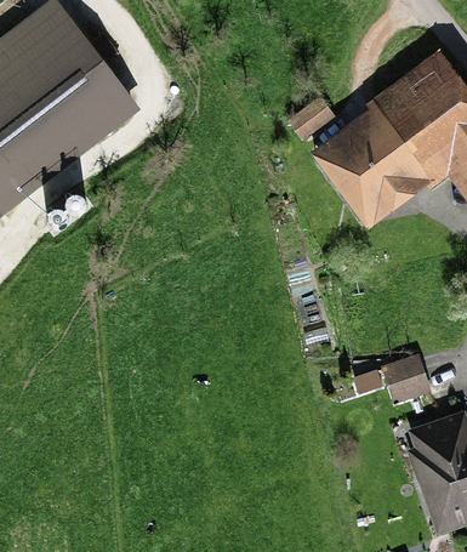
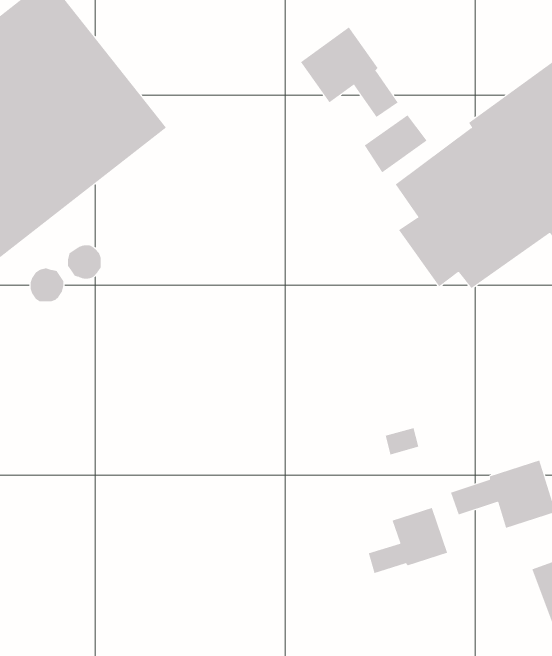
building: none -> [300,26,399,118]
building: none -> [368,507,448,574]

